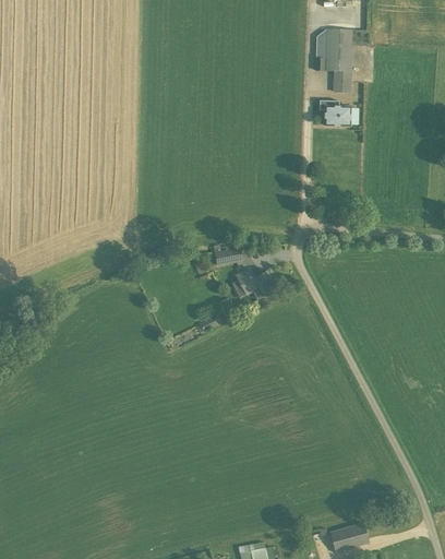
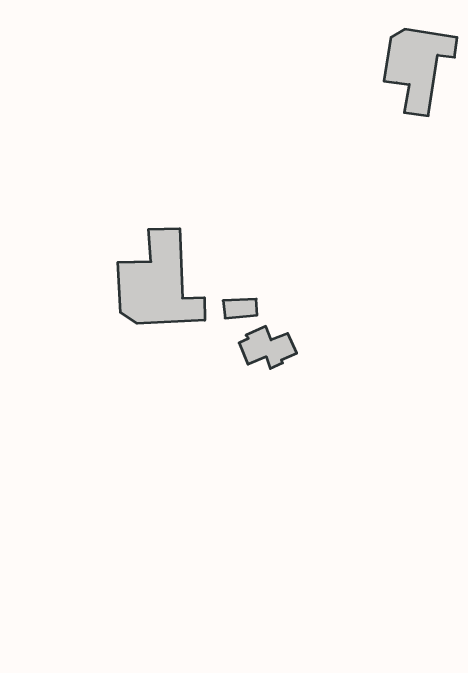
building: [318,100,350,126] -> none
building: none -> [118,229,205,323]

